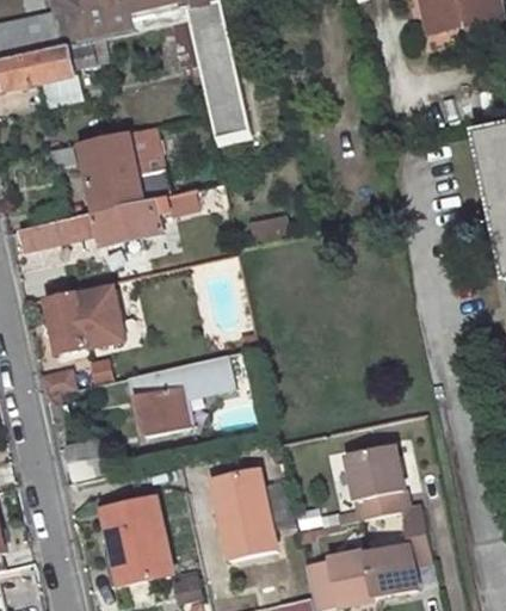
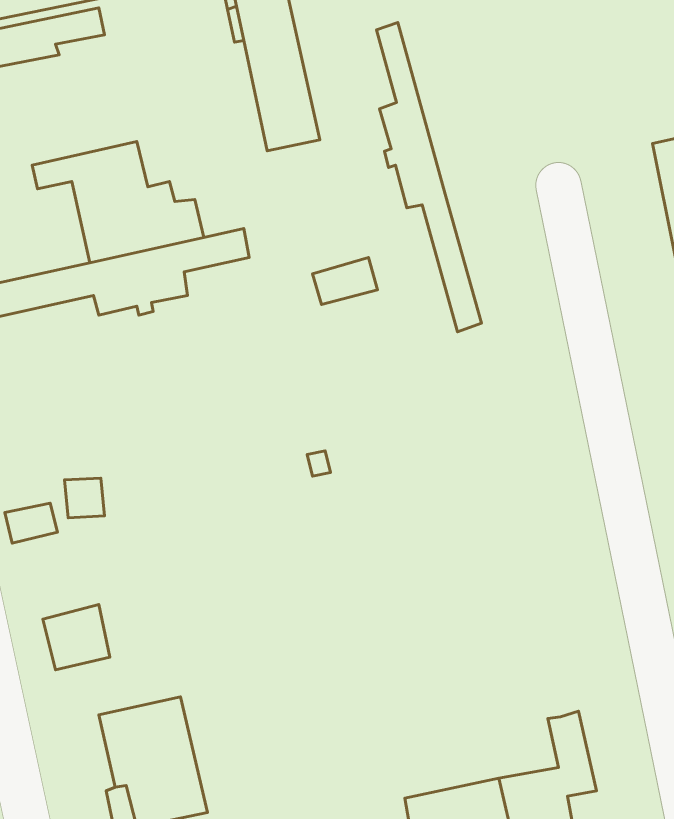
building: none -> [376,23,481,332]
building: [48,290,110,352] -> none
building: [128,354,236,437] -> none
building: [346,446,407,520] -> none
building: [215,467,278,558] -> none

